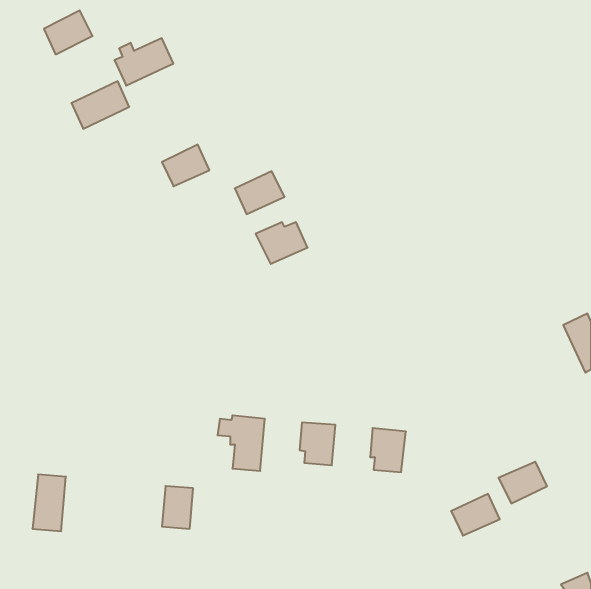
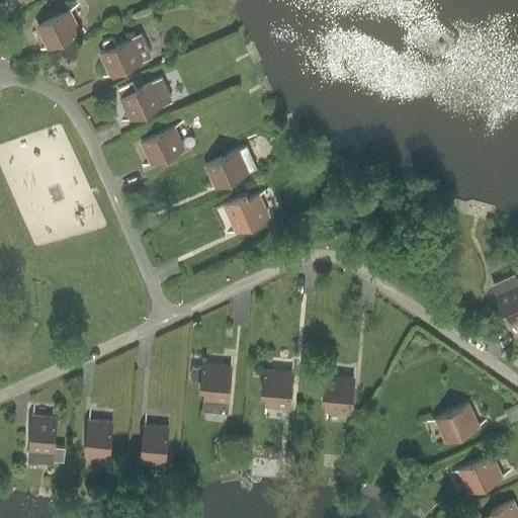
building: [71,81,129,129] -> [120,80,171,121]
building: none -> [86,422,113,459]
building: [451,494,500,536] -> [460,456,503,493]

